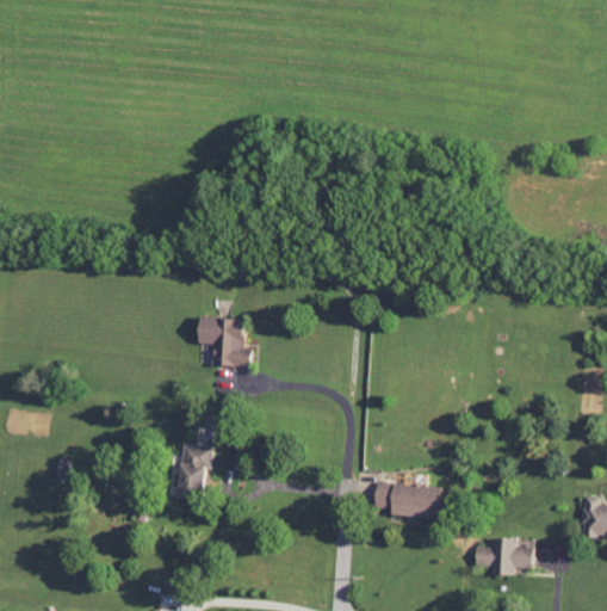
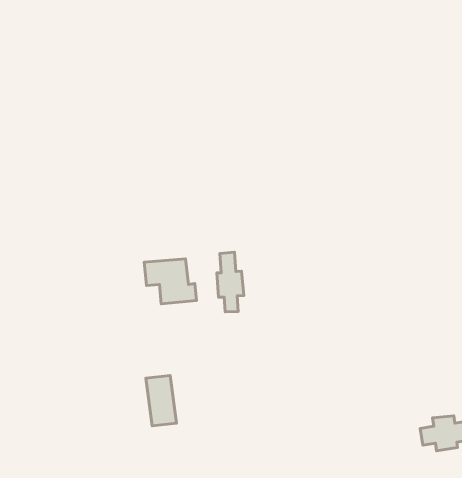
building: none -> [217,252,244,312]
building: [376,482,445,517] -> none

